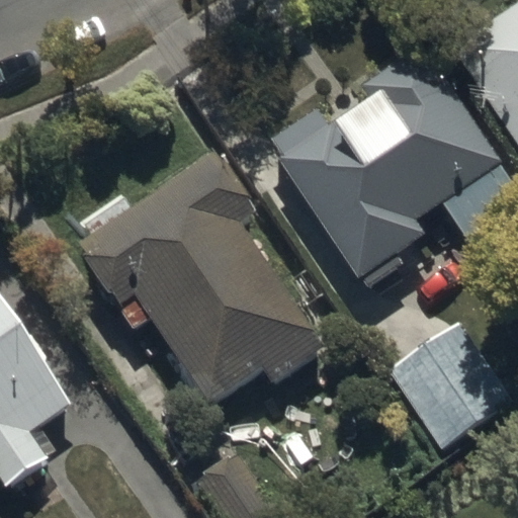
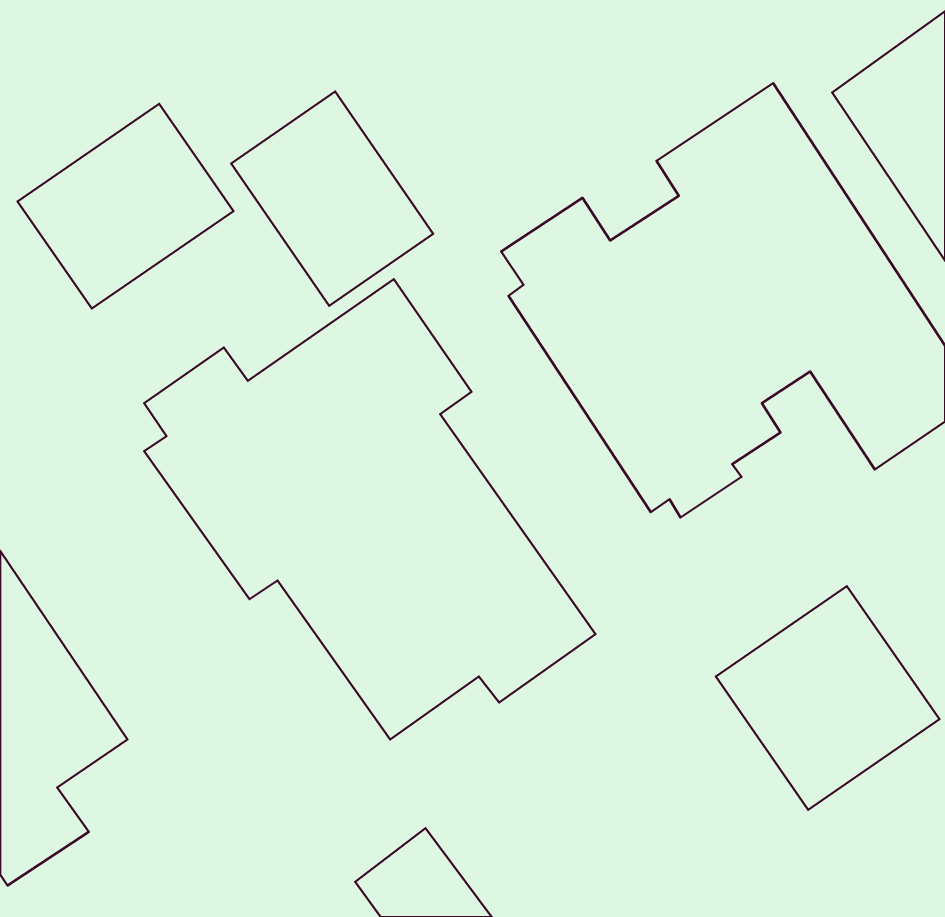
building: none -> [231,91,433,306]
building: none -> [17,104,233,309]

